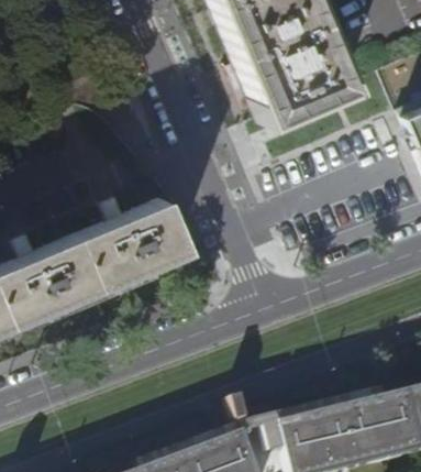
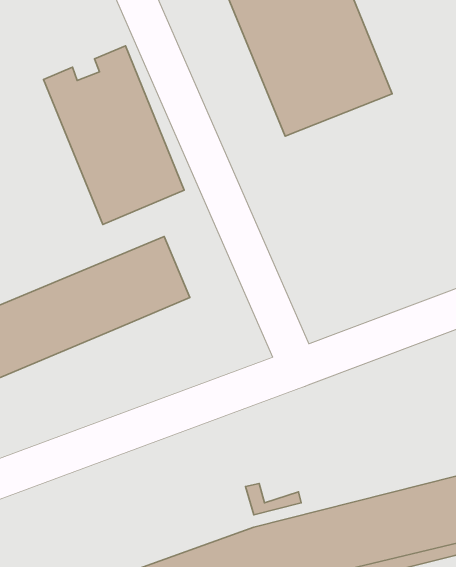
building: none -> [44,46,184,225]

